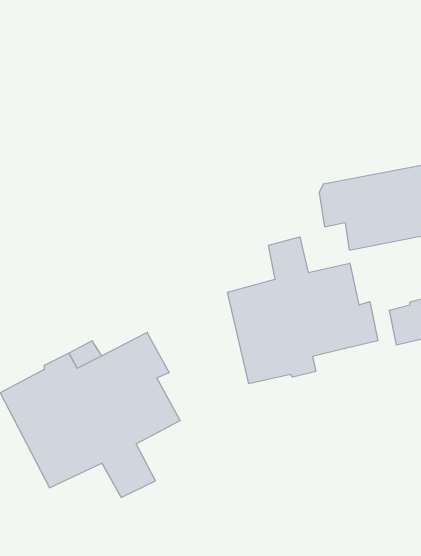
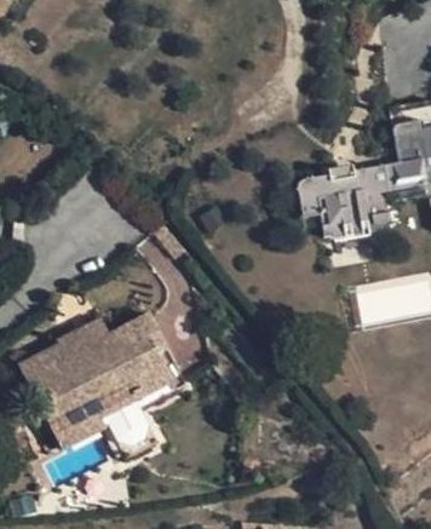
building: [228,237,378,384] -> none

